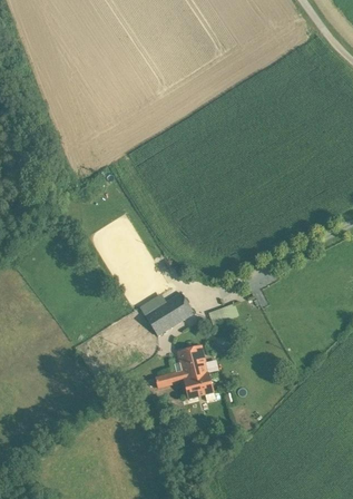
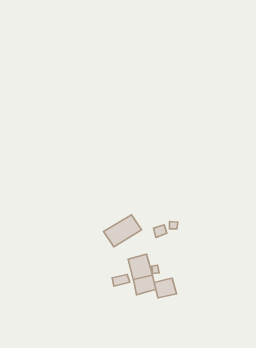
building: none -> [154,278,177,298]

